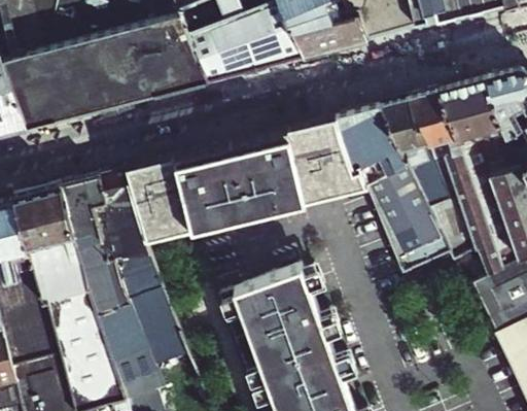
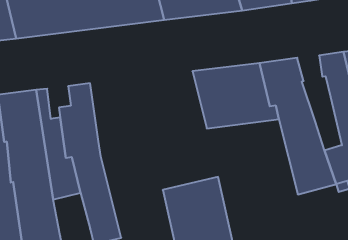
building: [383,105,432,187] -> none
building: [129,144,281,246] -> none
building: [76,182,108,226] -> none
building: [101,313,151,370] -> none

